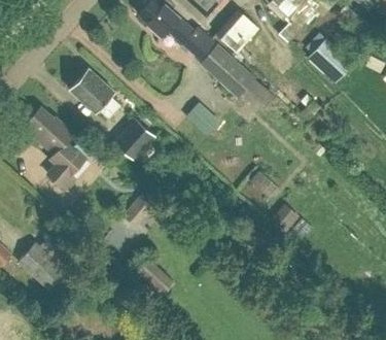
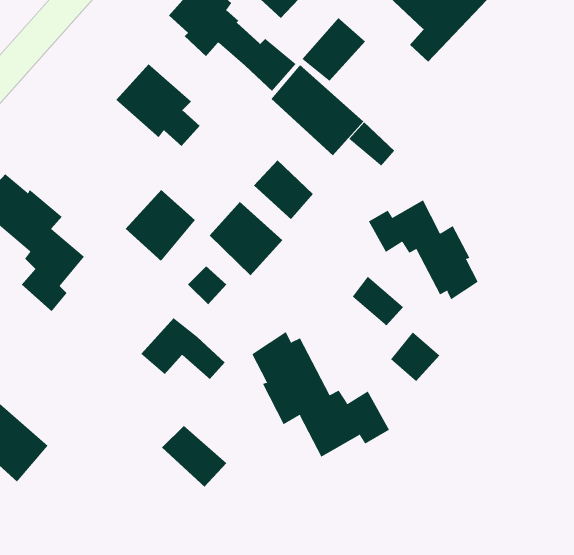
building: [307,37,353,83] -> none
building: [69,69,119,118] -> [116,63,200,147]
building: none -> [368,200,479,300]
building: none -> [209,201,283,276]
building: none -> [251,331,390,457]

